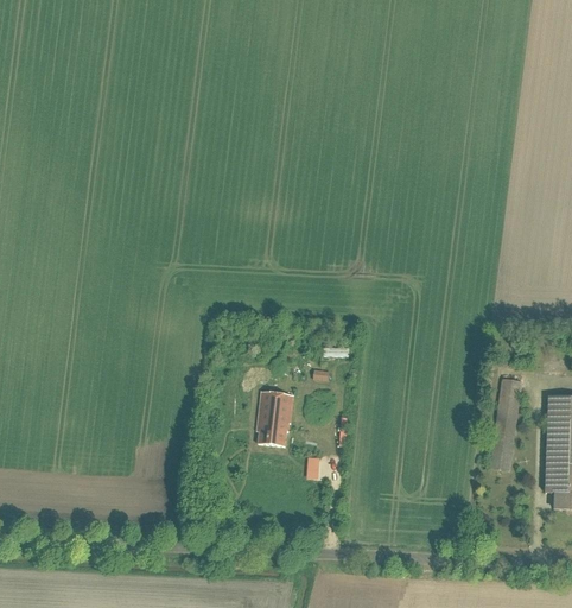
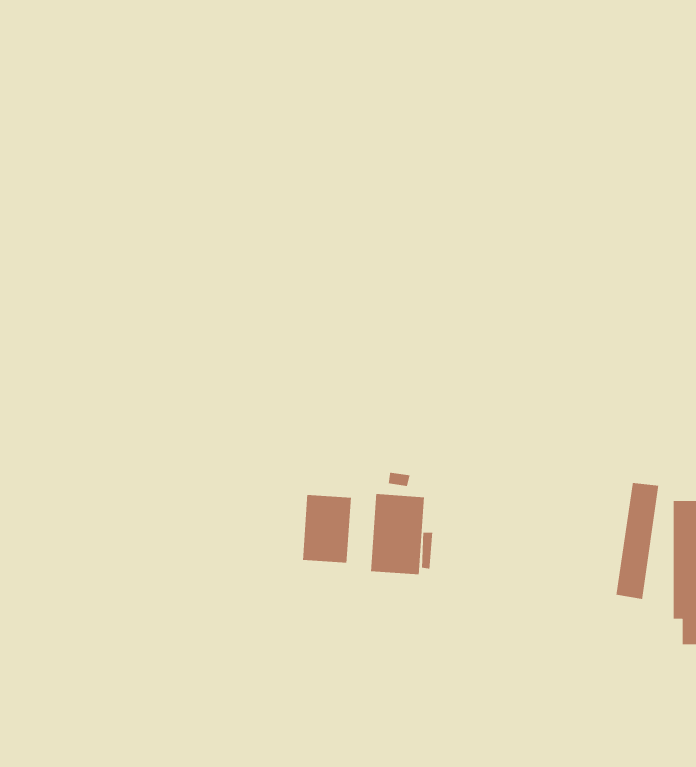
building: none -> [370,493,425,575]

